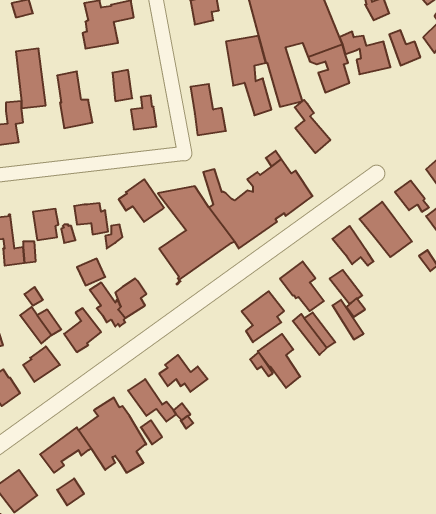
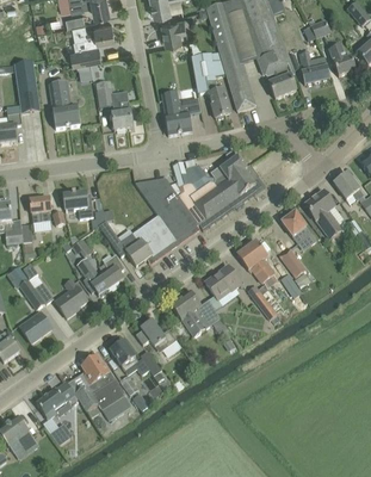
building: [295,100,330,153] -> none
building: [119,179,164,222] -> [115,230,153,266]
building: [258,334,300,388] -> [171,291,206,336]

